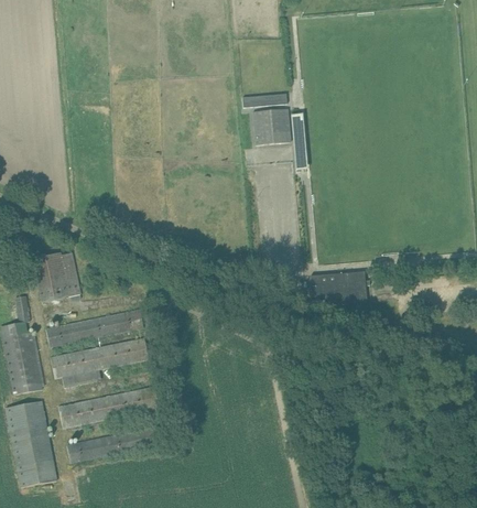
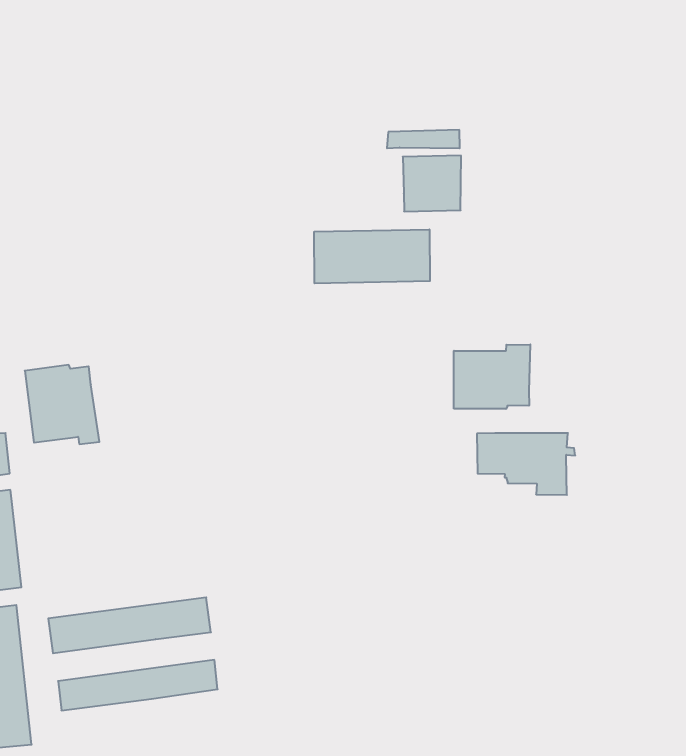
building: none -> [314,229,430,283]
building: none -> [454,344,530,409]
building: [46,309,143,346] -> none
building: [52,337,149,390] -> none

